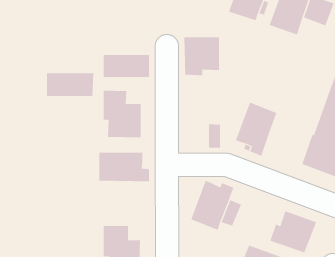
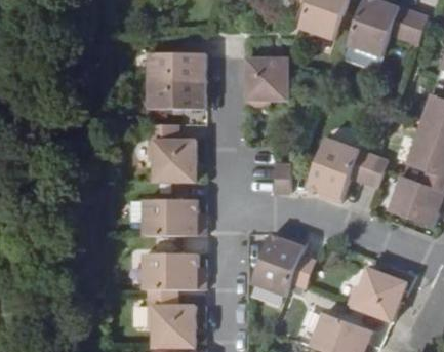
building: [46,73,94,96] -> [146,51,204,80]
building: none -> [349,151,386,187]
building: none -> [140,252,203,289]

